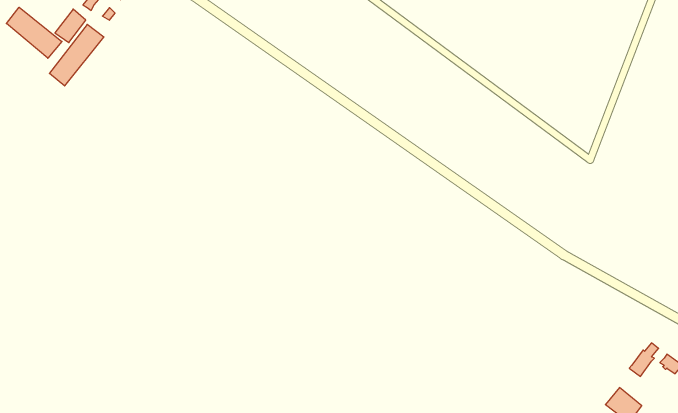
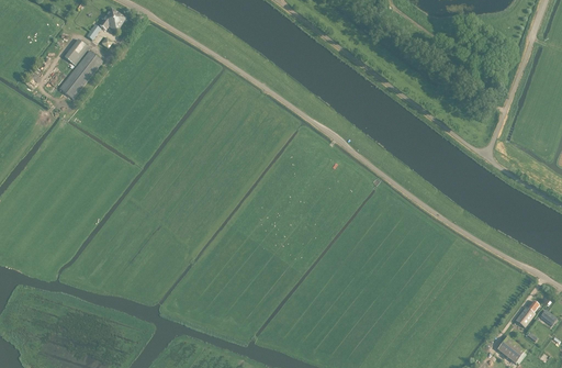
building: [6,7,62,58] -> none

